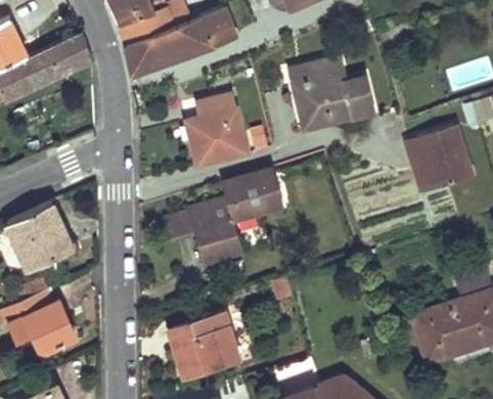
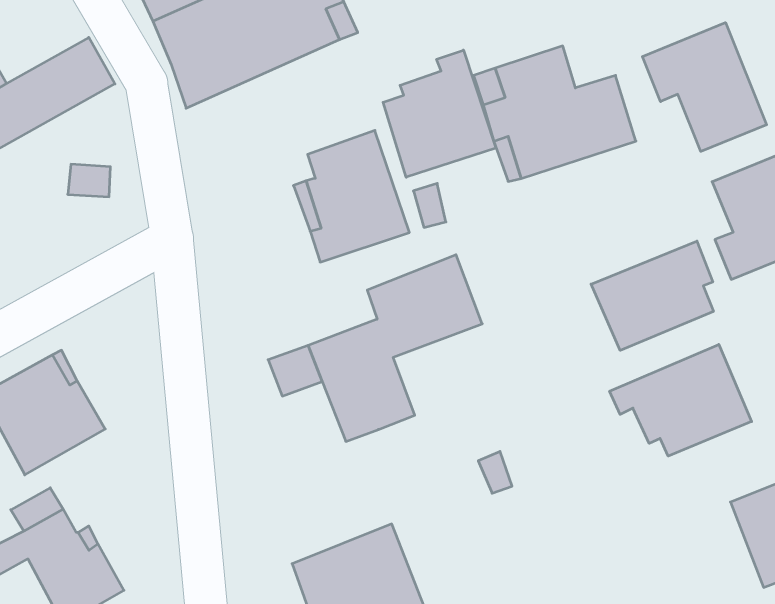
building: none -> [642,23,767,151]
building: none -> [383,50,496,177]
building: none -> [591,241,713,350]
building: none -> [610,344,752,456]

